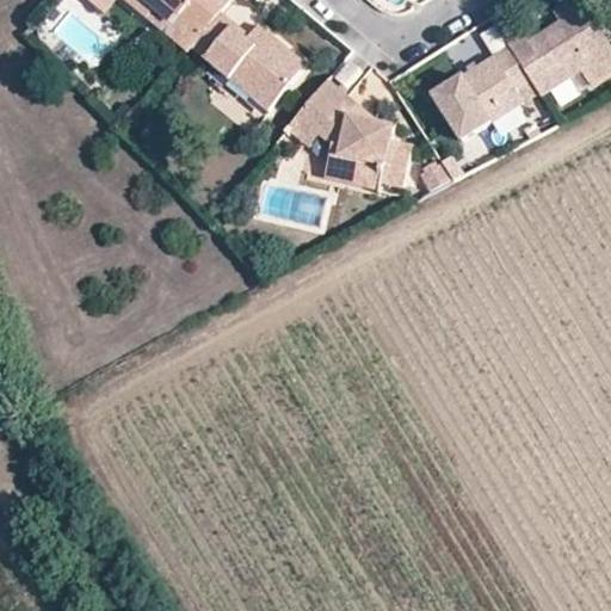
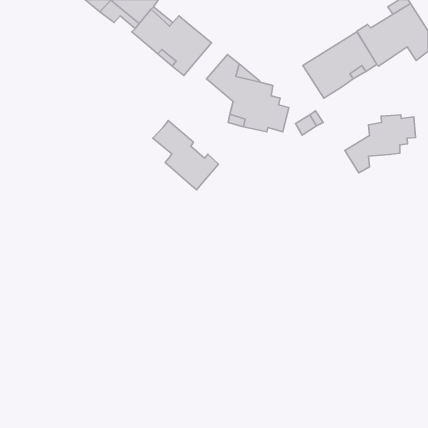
building: none -> [345,115,416,173]
building: none -> [153,120,219,190]

